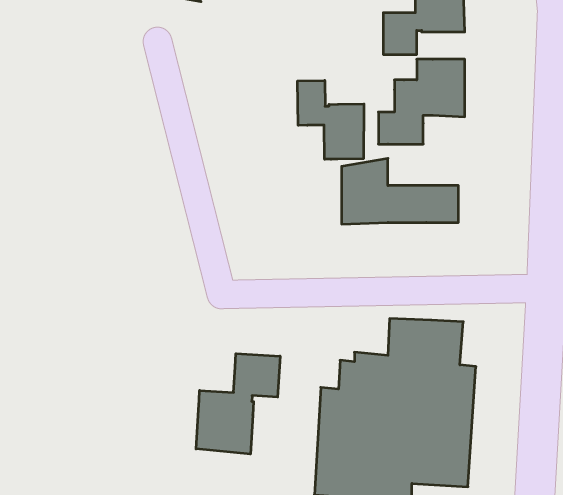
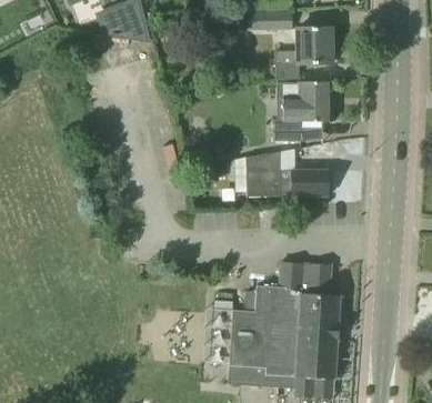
building: [298,80,364,159] -> none
building: [196,354,280,454] -> none

